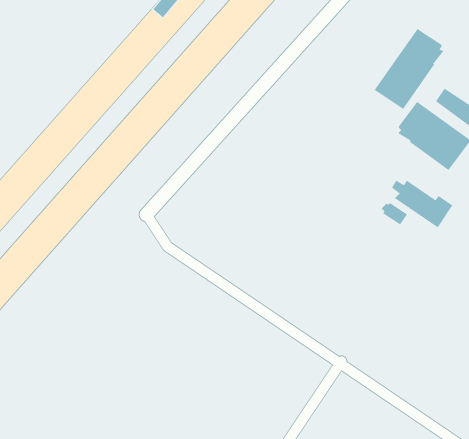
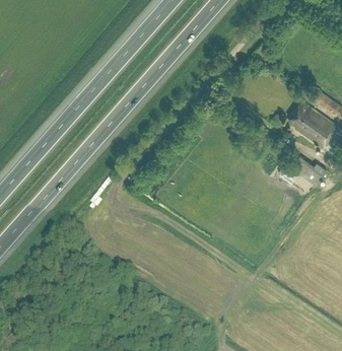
building: [374,28,444,110] -> none

